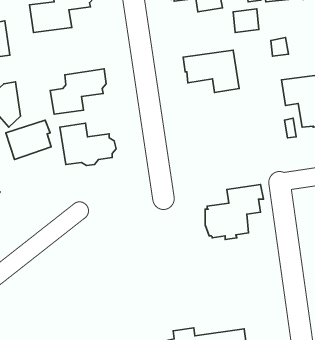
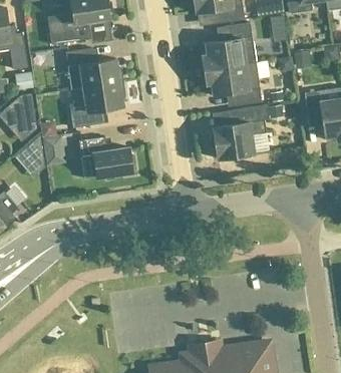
building: none -> [202,21,255,68]
building: none -> [65,47,123,88]
building: [205,185,263,240] -> [210,103,269,159]

